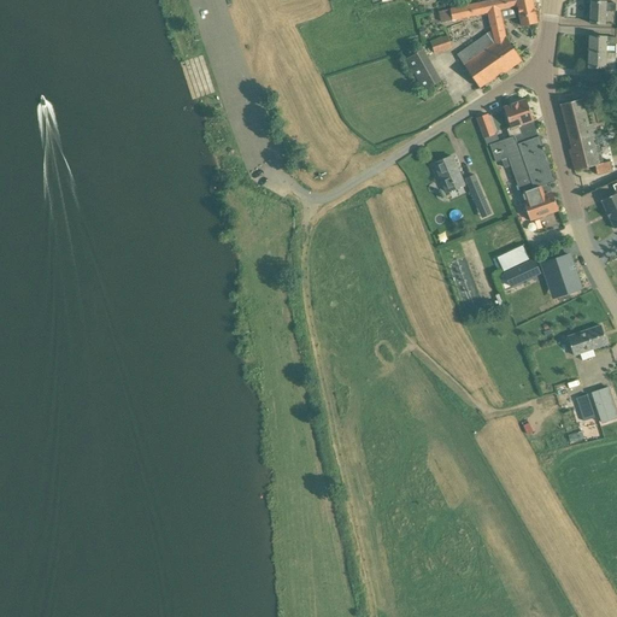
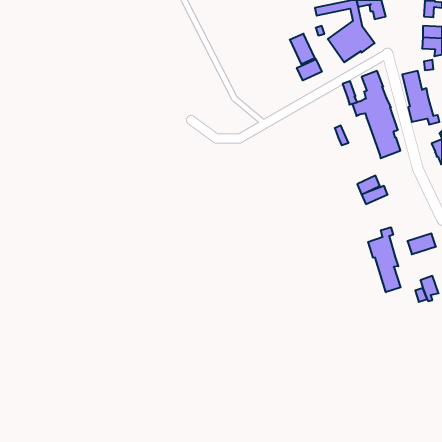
building: none -> [297,59,322,80]
building: [434,155,464,192] -> none
building: [542,254,581,294] -> none
building: none -> [368,227,401,292]

